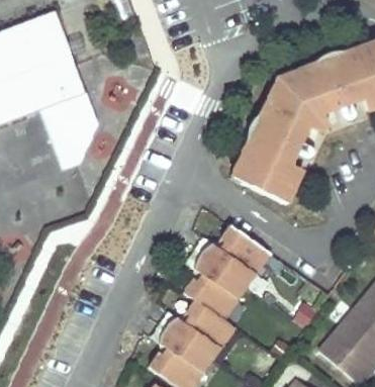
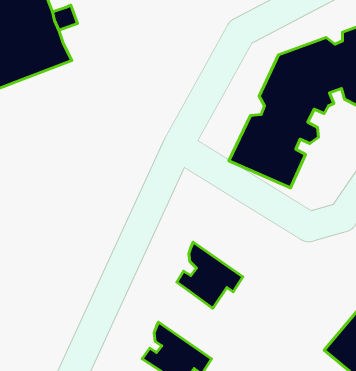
building: [36,84,98,168] -> none
building: [197,225,263,286] -> none
building: [165,299,228,363] -> none

